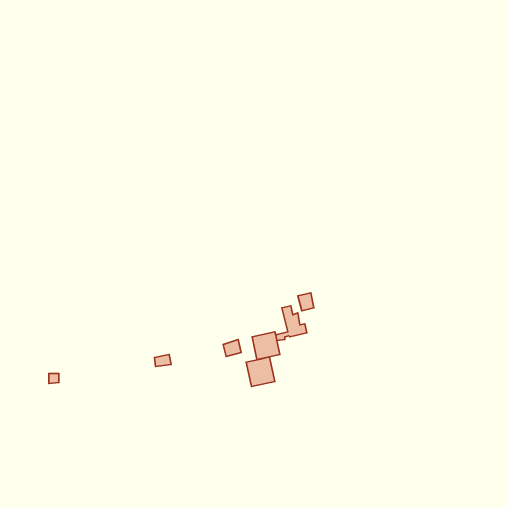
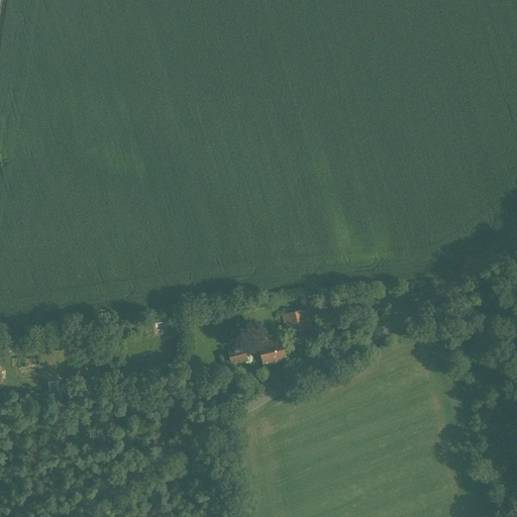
building: [246,357,275,386] -> none

